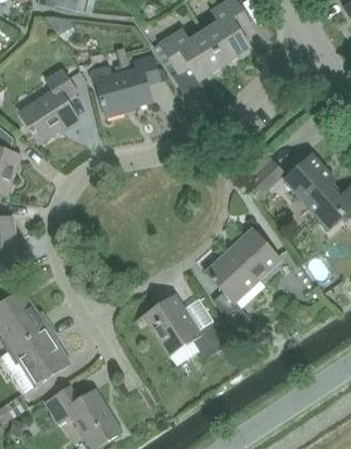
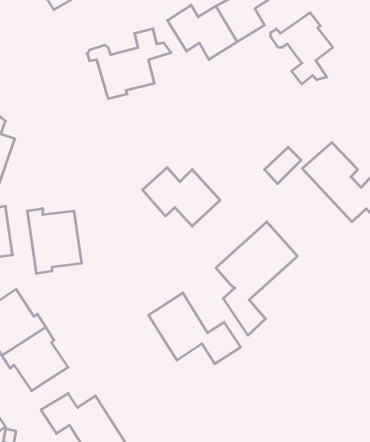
building: none -> [270,13,333,84]
building: [20,68,77,141] -> none
building: none -> [143,167,220,226]
building: none -> [27,208,82,274]

